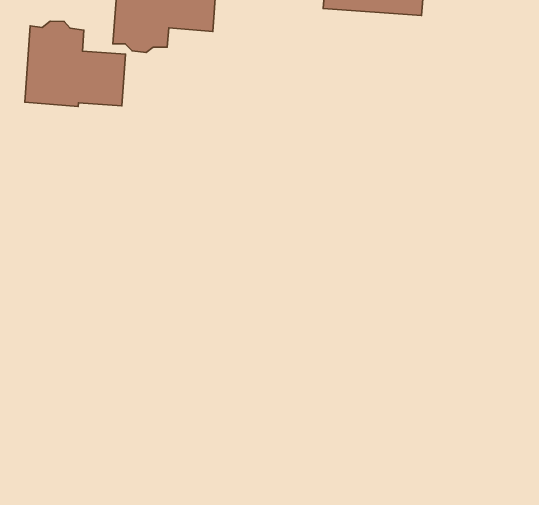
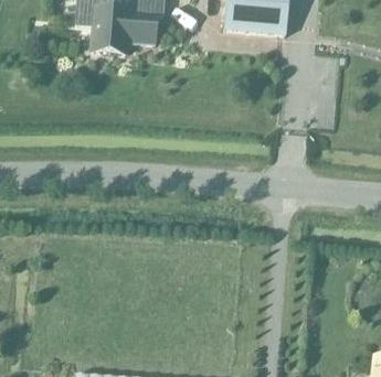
building: [25,21,126,107] -> none

